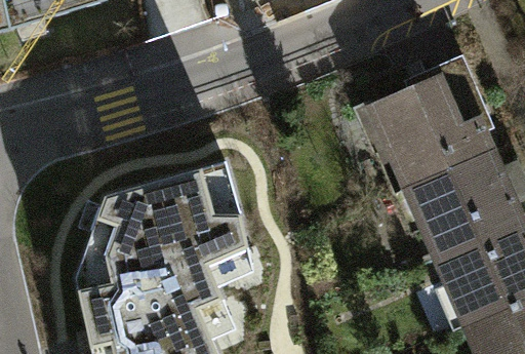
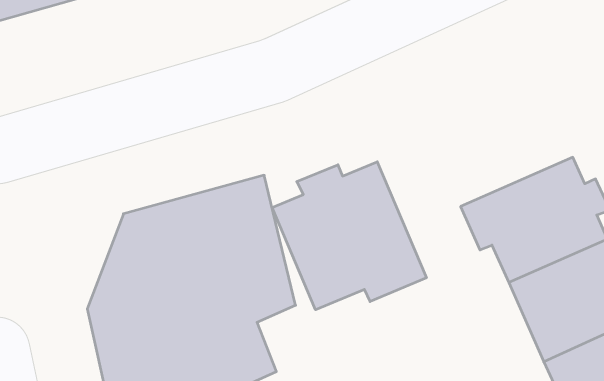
building: [368,61,491,190] -> none
building: none -> [272,162,426,310]

